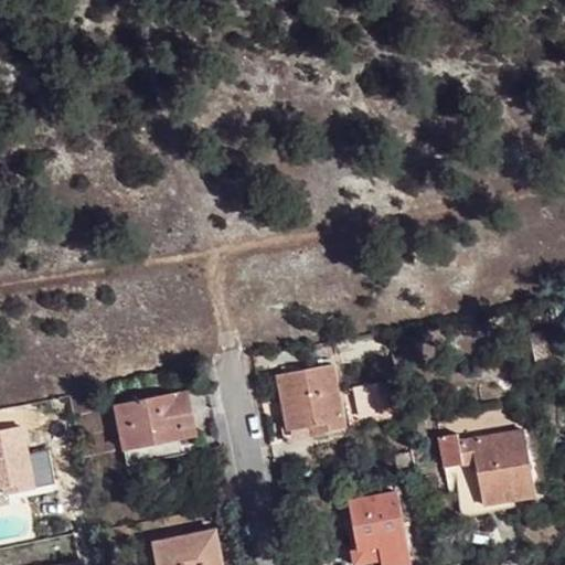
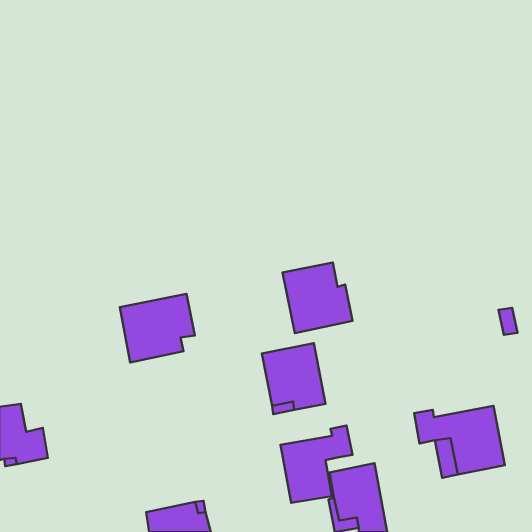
building: none -> [283,263,353,333]
building: [117,392,196,465] -> [120,294,195,363]
building: none -> [281,425,352,503]

